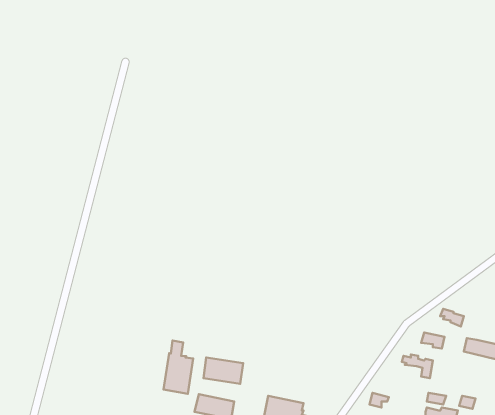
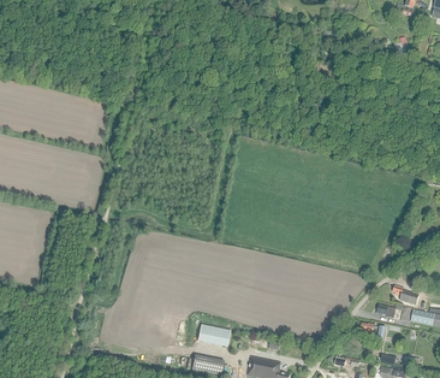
building: [163,340,193,394] -> none

